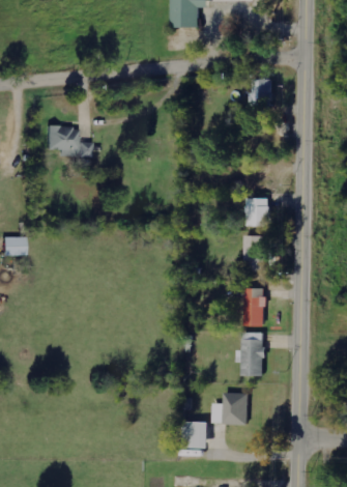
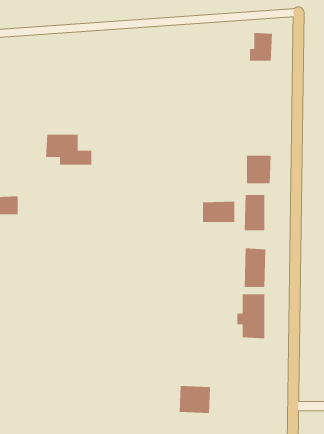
building: [45,126,90,156] -> [45,134,92,165]
building: none -> [203,201,235,223]
building: [210,393,248,424] -> none

